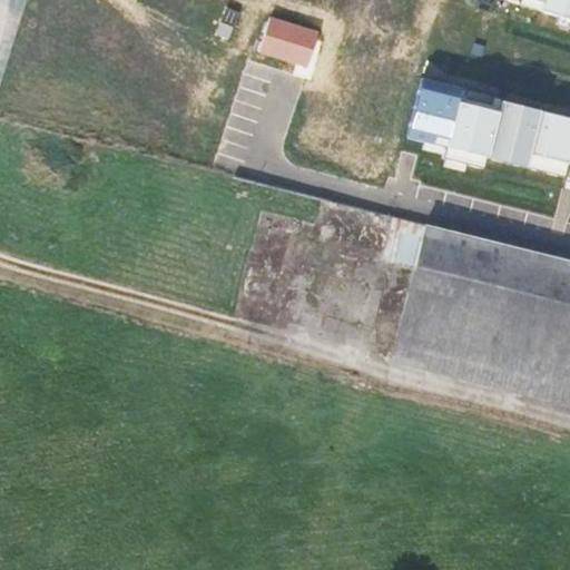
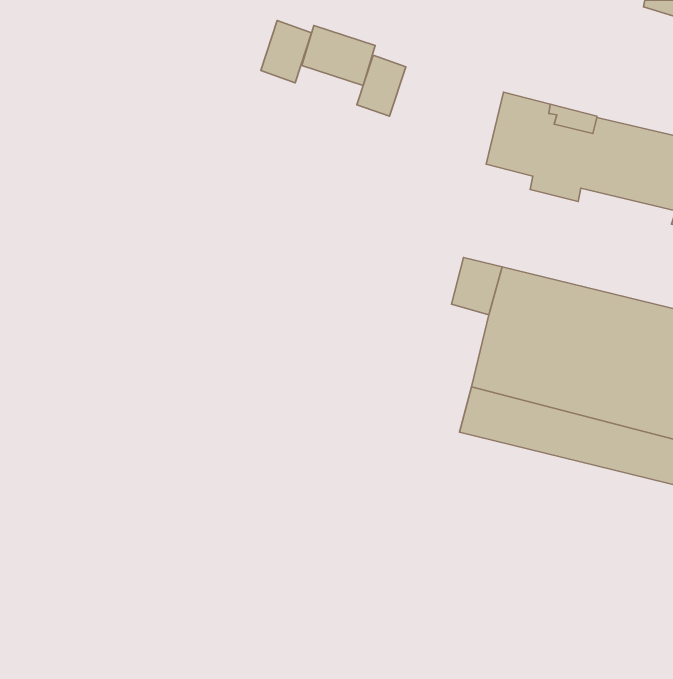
building: none -> [261,21,312,83]
building: none -> [357,55,406,116]

